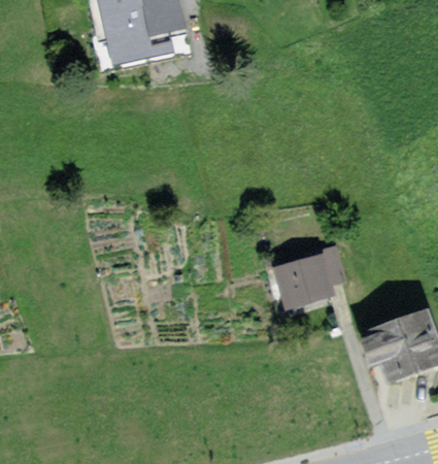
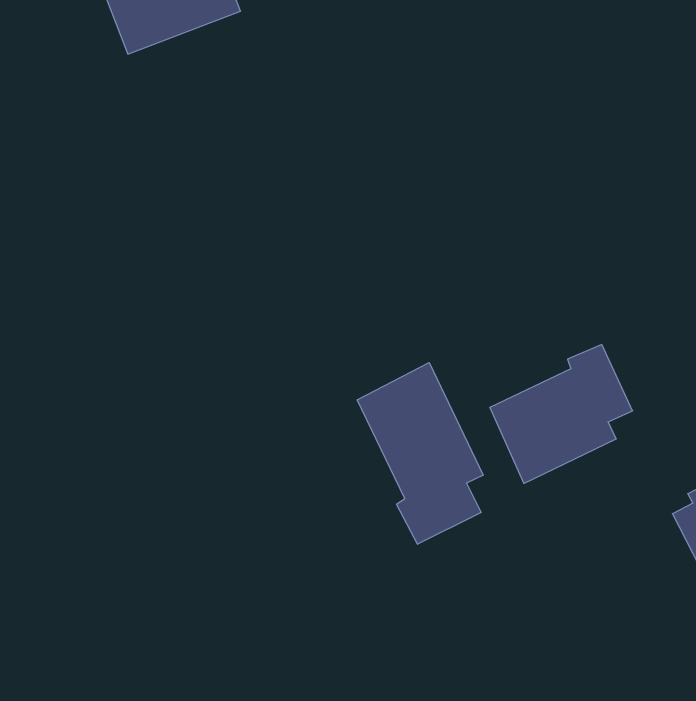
building: none -> [357,363,483,544]

